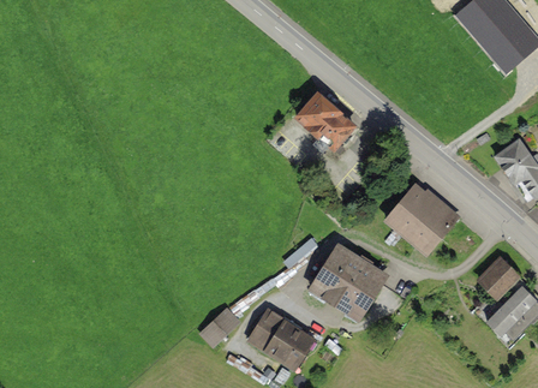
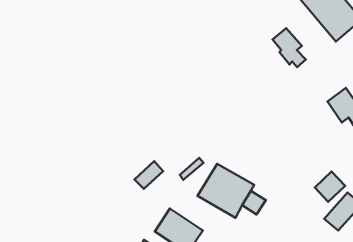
building: none -> [272,28,306,67]
building: [294,94,358,155] -> none
building: [388,185,460,256] -> none
building: [197,306,238,346] -> [135,161,163,189]

